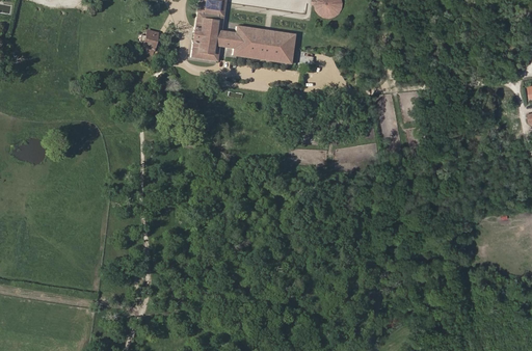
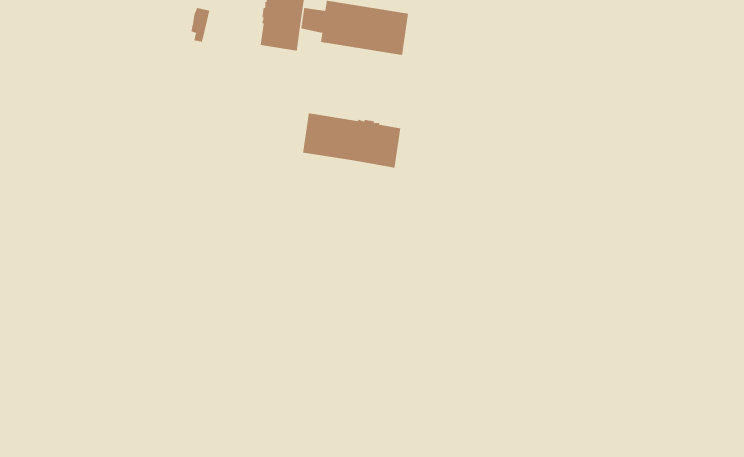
building: none -> [302,113,401,168]

